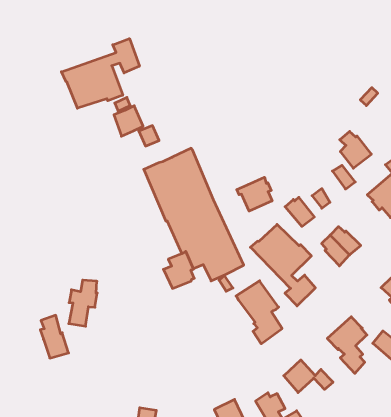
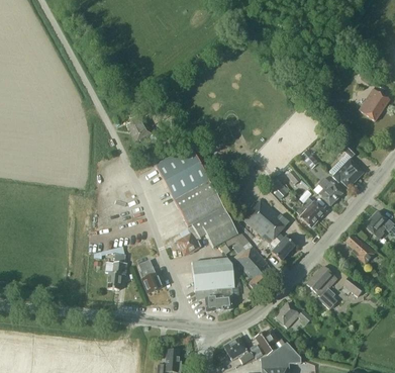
building: [61,39,139,108] -> none
building: [340,131,371,168] -> [318,177,343,205]
building: [237,177,272,211] -> none
building: none -> [192,258,235,311]
building: [40,315,69,358] -> [139,259,163,292]

